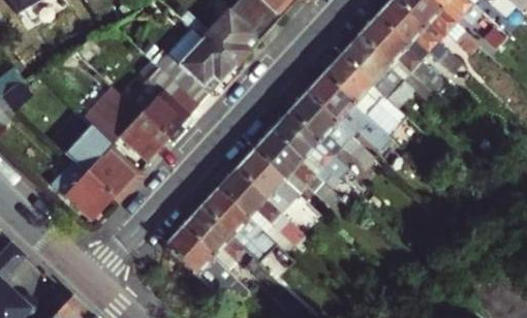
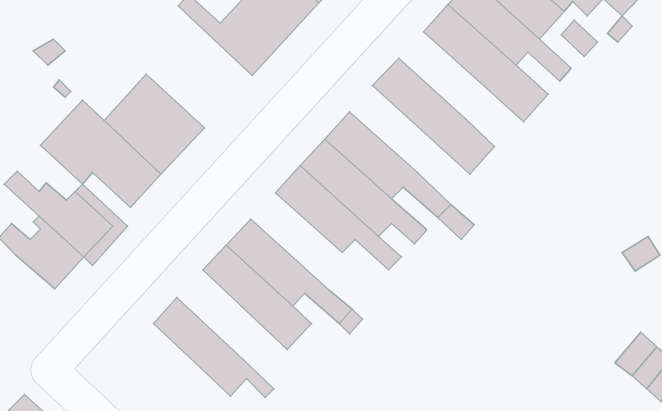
building: [338,37,403,99] -> none
building: [157,39,234,105] -> none
building: [303,75,392,151] -> none
building: [233,152,306,221] -> none
building: [180,206,270,283] -> none

